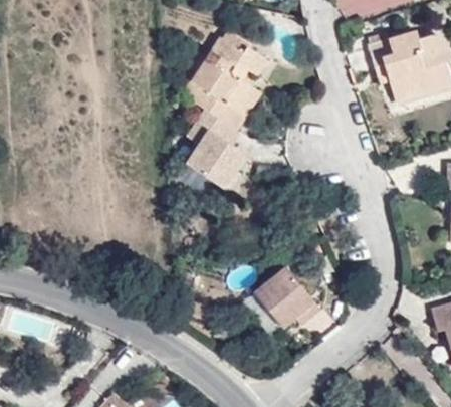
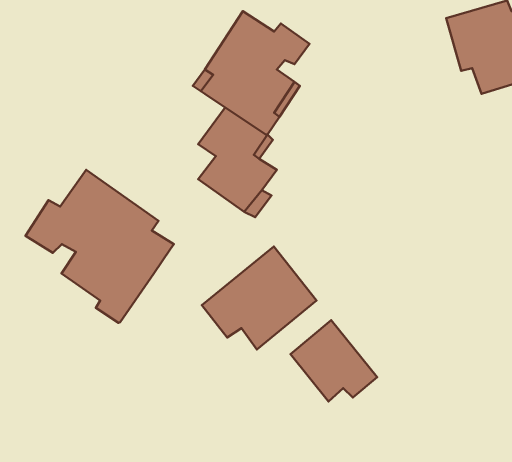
building: none -> [26,170,174,323]
building: none -> [202,247,316,349]

